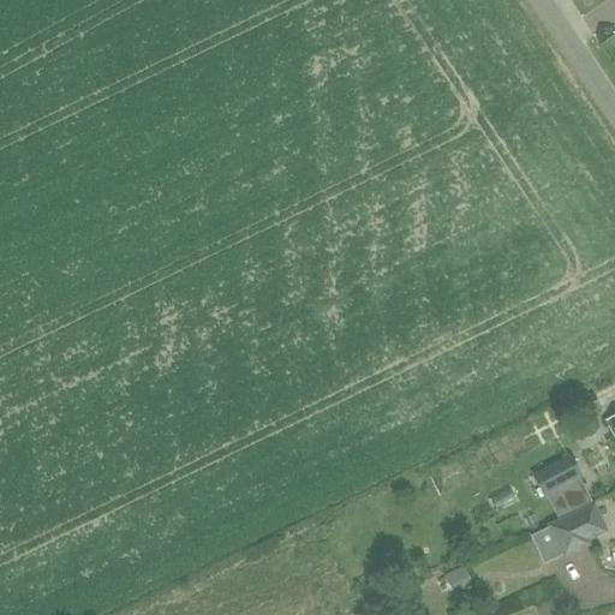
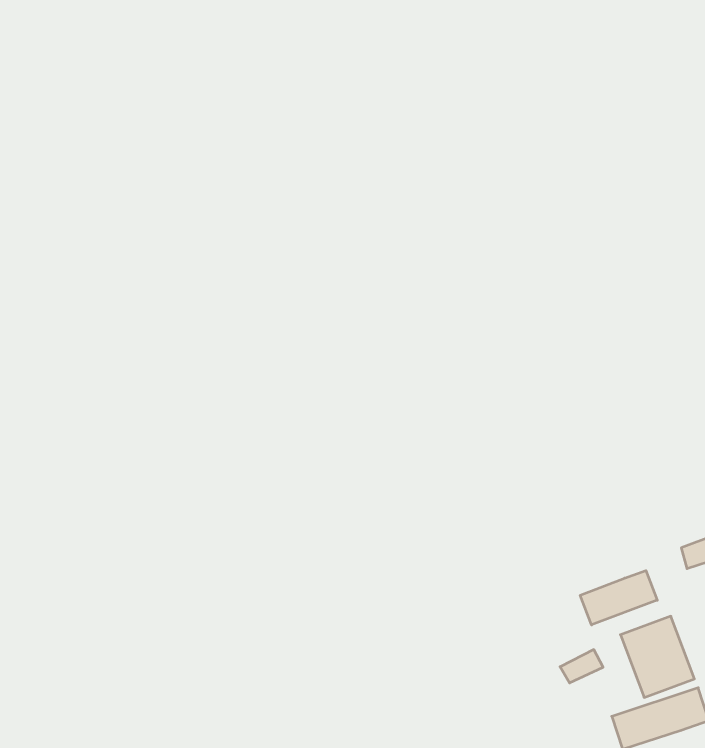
building: none -> [580,571,657,625]

